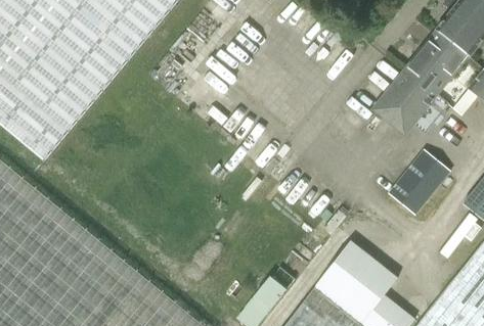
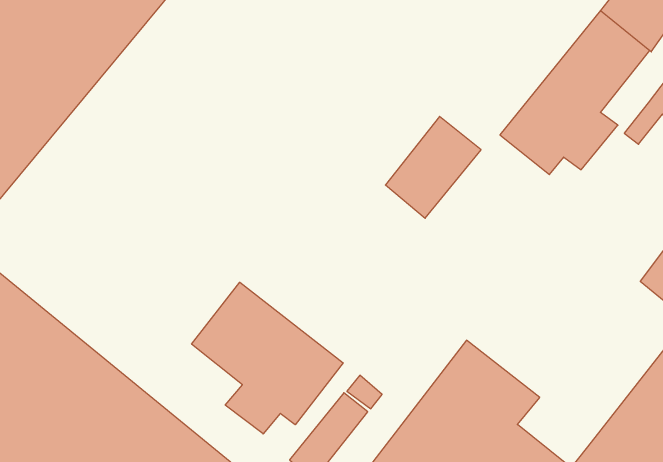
building: [388,150,449,216] -> [385,116,481,218]
building: none -> [192,282,343,434]

